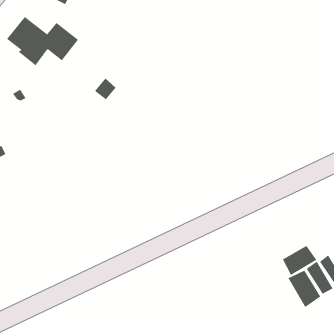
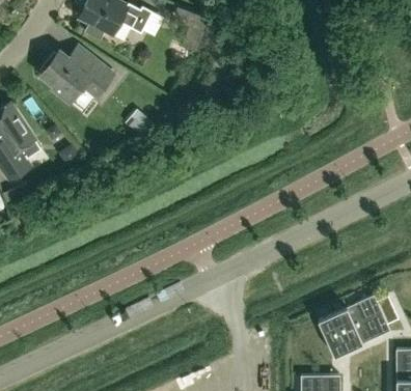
building: [282,245,317,276] -> none

